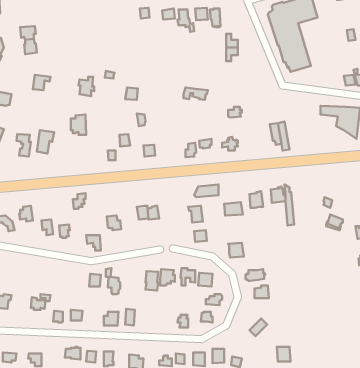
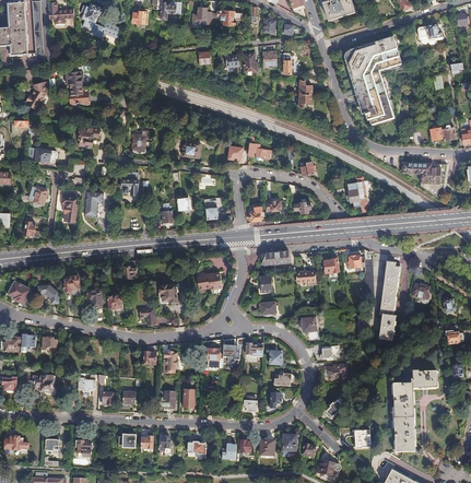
building: none -> [378,262,400,340]
building: none -> [391,369,436,451]

